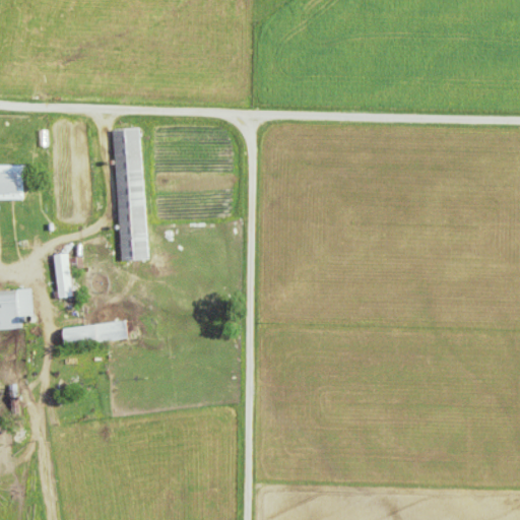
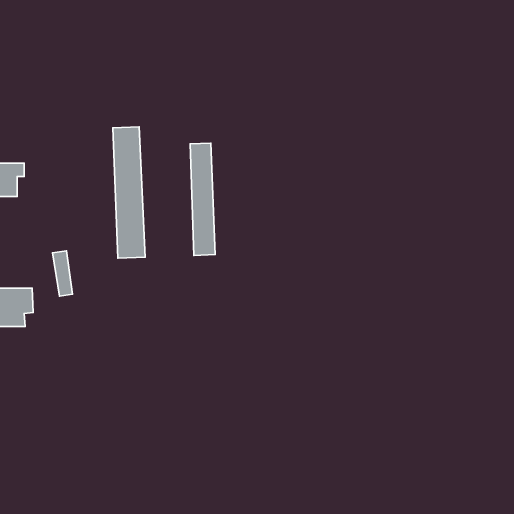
building: none -> [190,143,215,255]
building: [63,321,129,344] -> none

